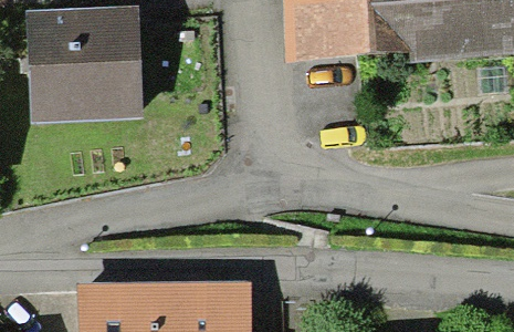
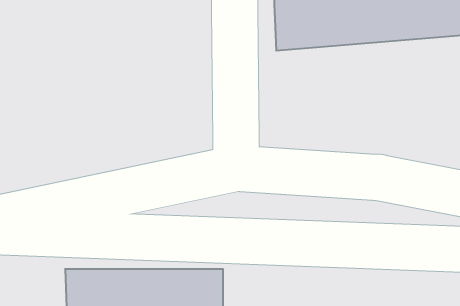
building: [28,18,136,116] -> none

